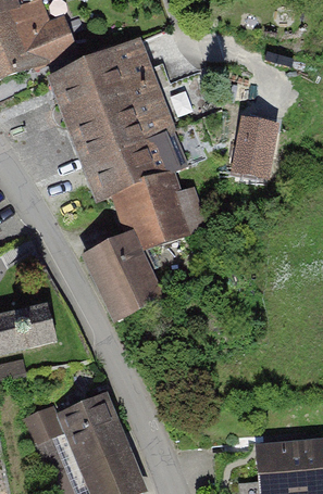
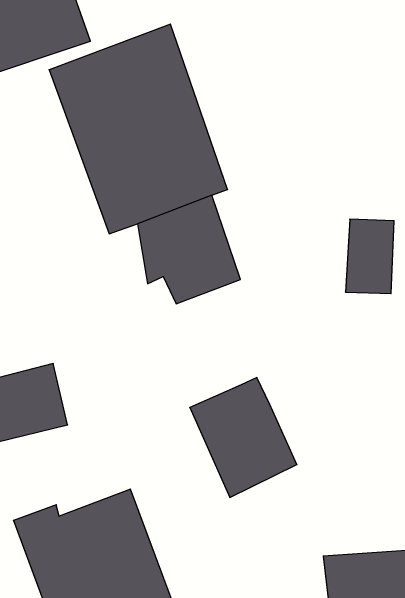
building: [238,112,275,168] -> [345,219,394,294]
building: [84,230,165,321] -> [190,378,297,497]

